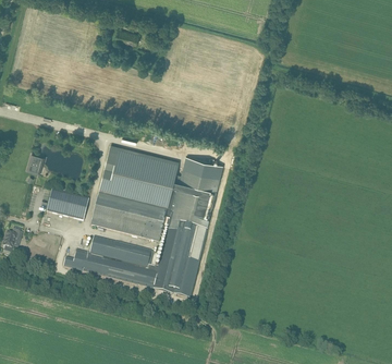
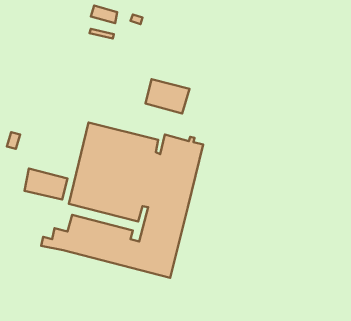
building: none -> [146,79,190,113]

